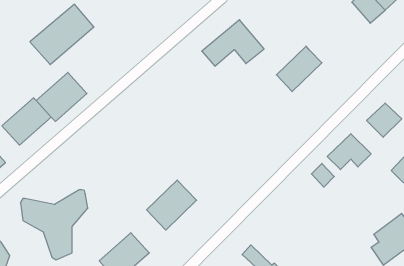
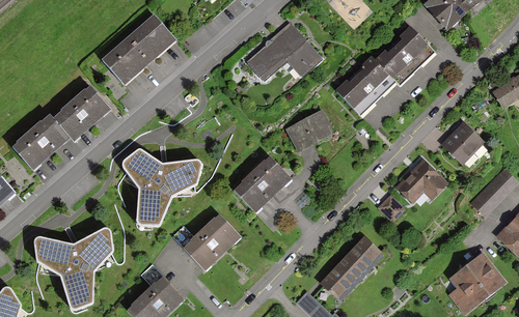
building: [30,4,94,65] -> [101,15,176,86]
building: none -> [376,26,431,79]
building: none -> [286,109,331,150]
building: none -> [121,146,201,224]
building: none -> [234,155,293,213]
building: none -> [320,236,383,299]

